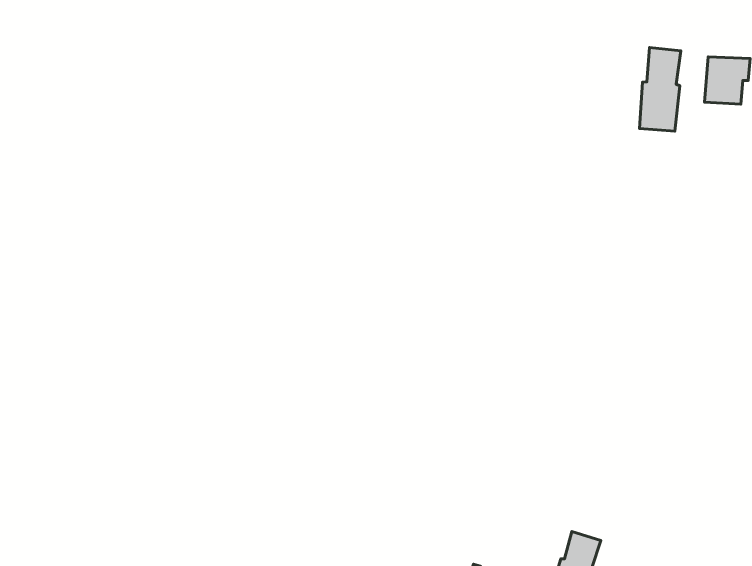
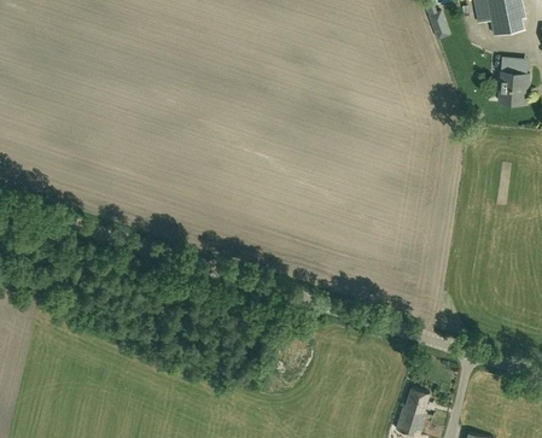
building: [640,48,681,131] -> none

